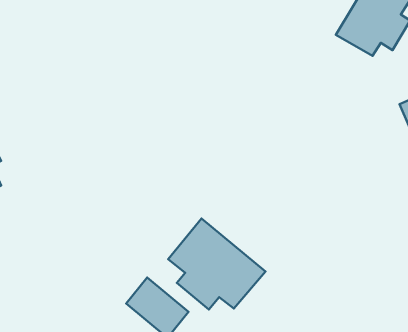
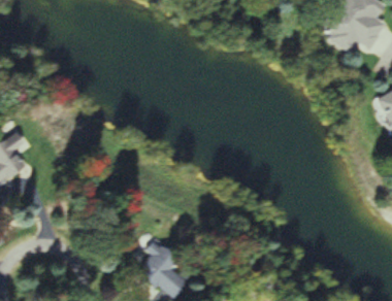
building: [168,218,266,309] -> none

